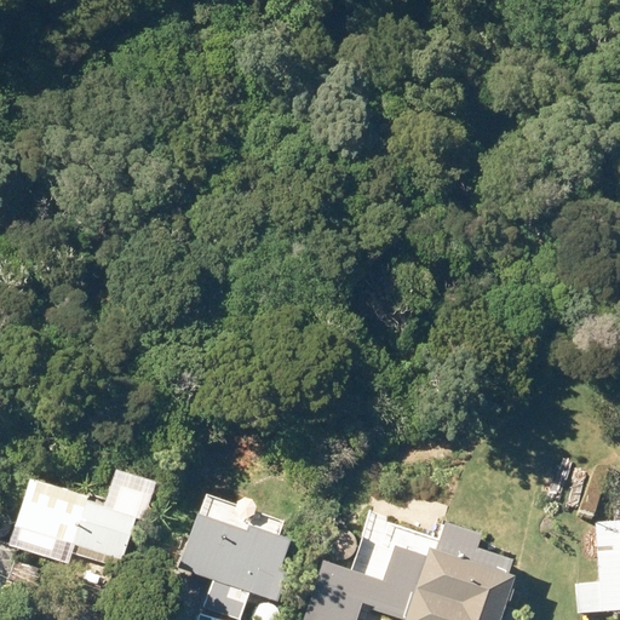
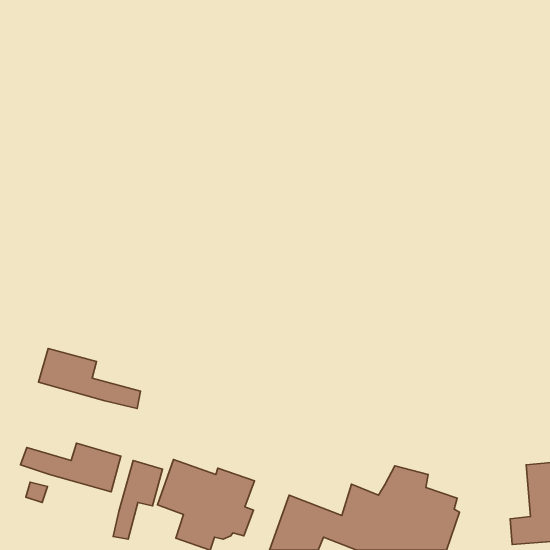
building: none -> [38,349,140,409]
building: none -> [113,461,162,539]

